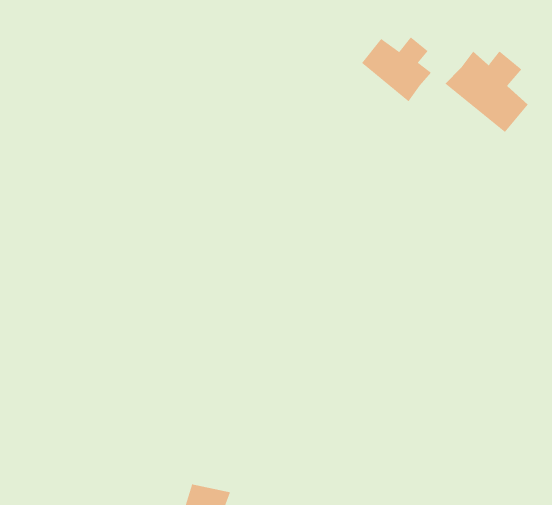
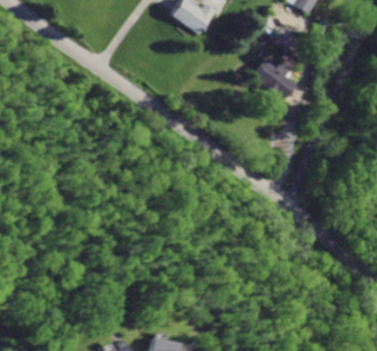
building: [444,51,529,133] -> none

